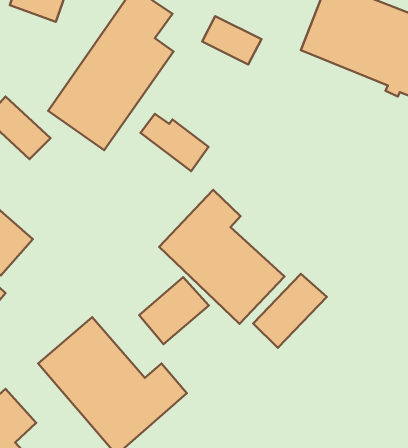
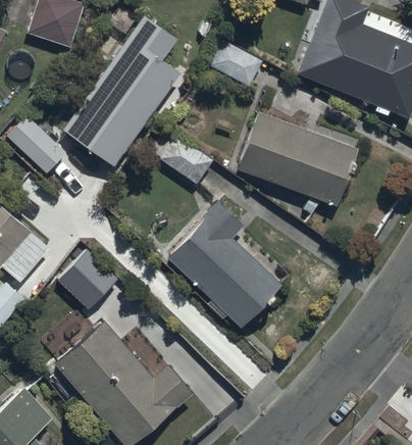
building: none -> [237,110,359,206]
building: none -> [58,249,119,309]
building: [253,274,327,348] -> none
building: [139,277,209,344] -> none

